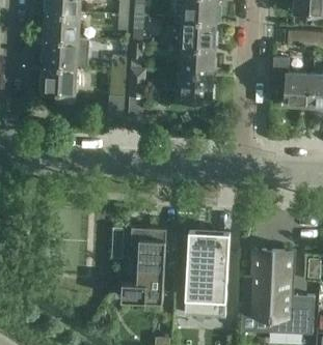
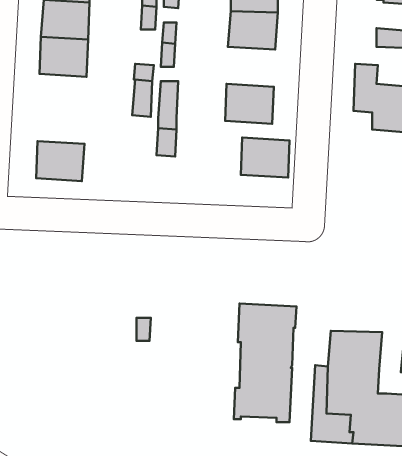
building: [179,45,214,74] -> [241,138,289,178]
building: [42,64,77,93] -> [36,141,85,181]
building: [120,227,165,301] -> none

